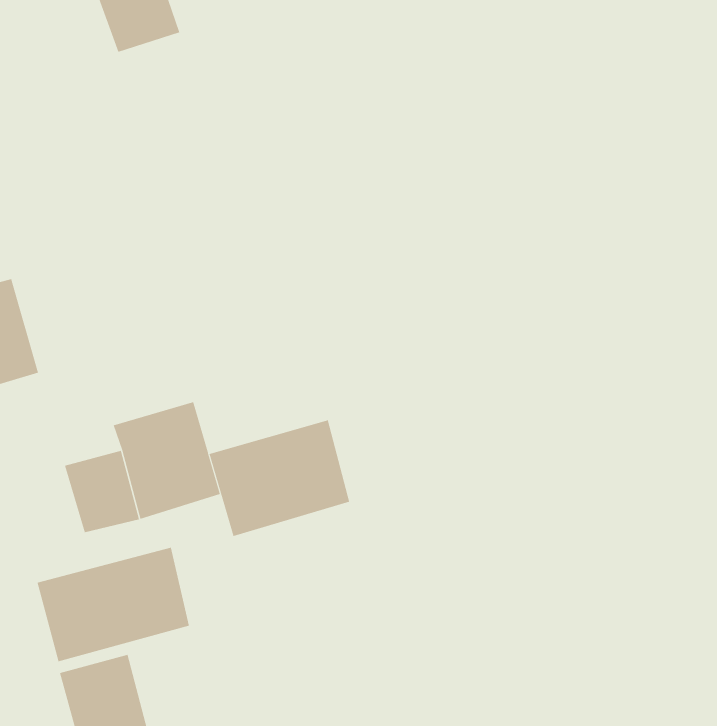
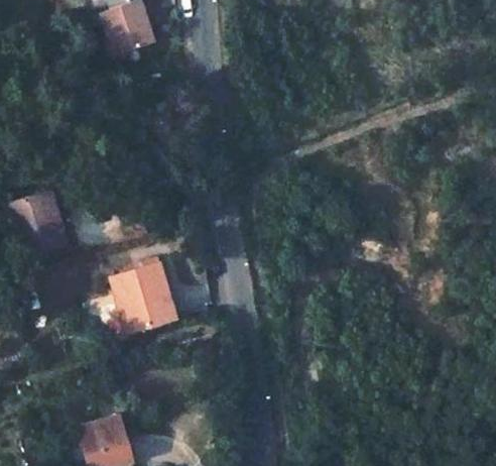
building: [209,419,350,537] -> none
building: [37,547,190,662] -> none

